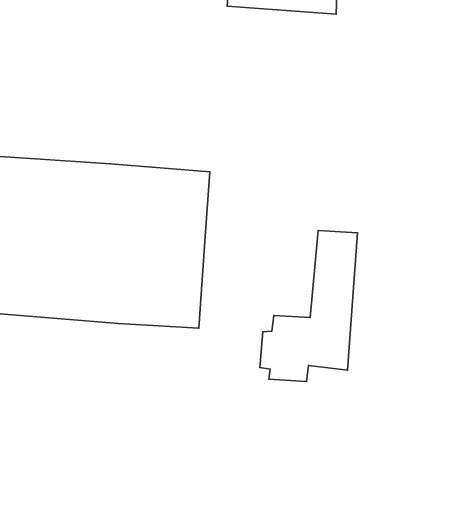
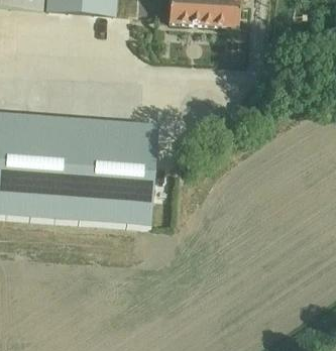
building: [260,230,357,381] -> none

